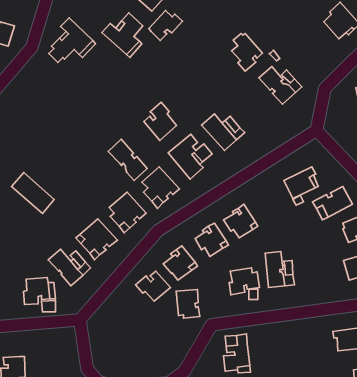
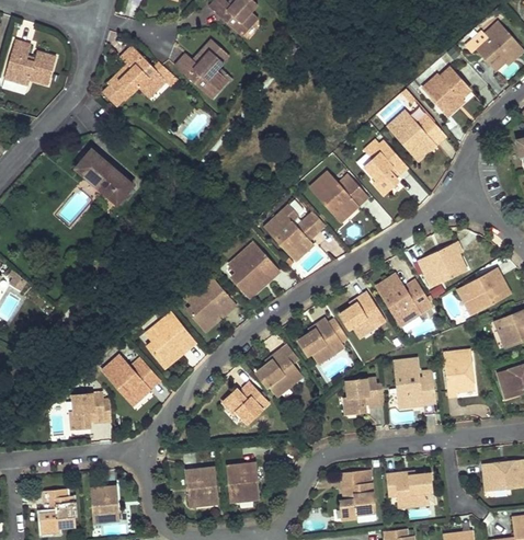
building: [149,11,183,40] -> none
building: [231,34,262,71] -> [364,142,406,193]
building: none -> [423,70,471,116]
building: [144,102,177,140] -> none
building: [108,139,147,180] -> none
building: [12,173,54,213] -> [76,147,133,202]
building: none -> [376,275,432,328]
building: none -> [443,348,475,394]
building: [176,290,200,318] -> [226,461,258,499]
building: none -> [185,467,216,504]
building: none -> [387,472,434,506]
building: none -> [90,485,119,520]

